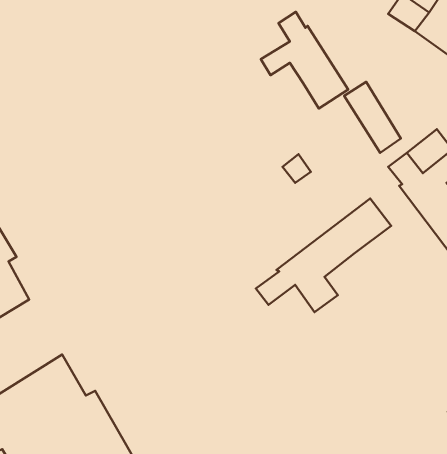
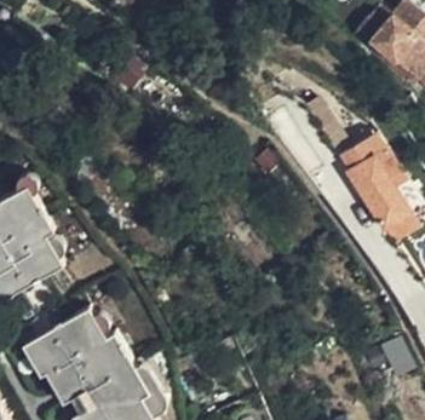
building: [261,12,348,108] -> none
building: [256,198,391,312] -> none

